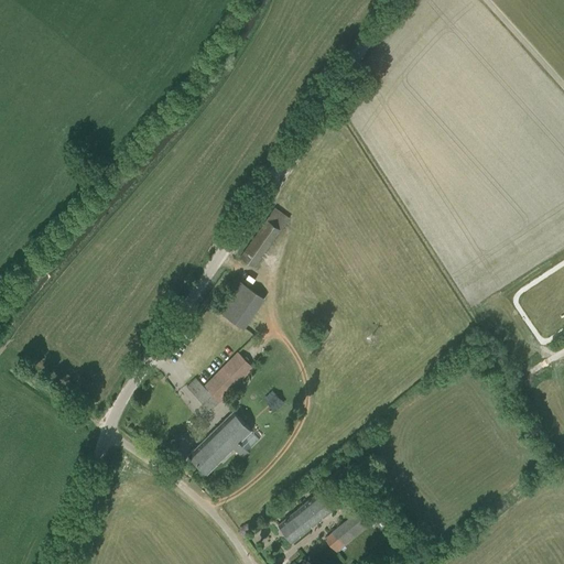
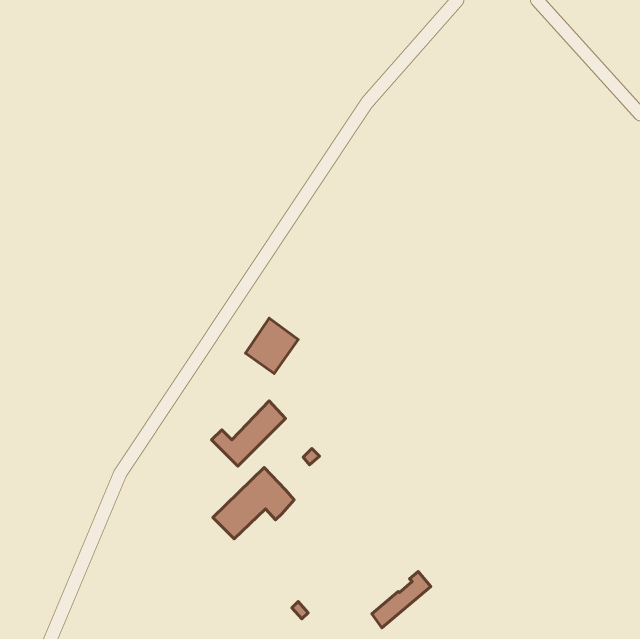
building: [240,209,286,267] -> none
building: [278,494,332,543] -> none

